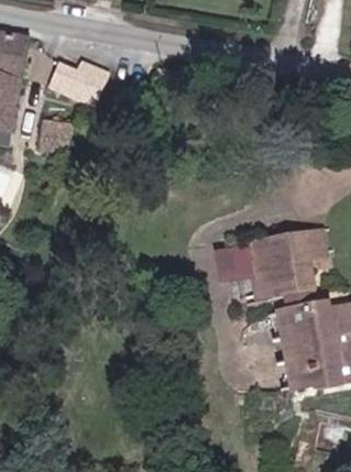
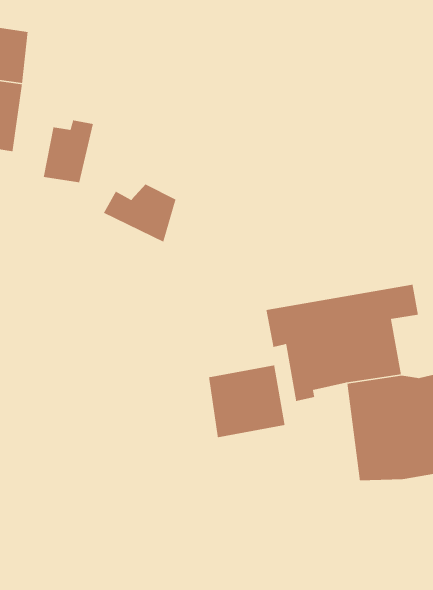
building: [55,63,112,109] -> [103,183,177,243]
building: none -> [208,365,285,438]

